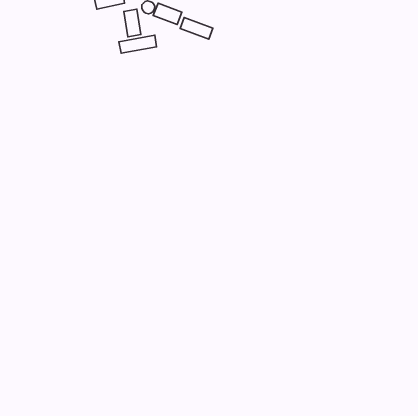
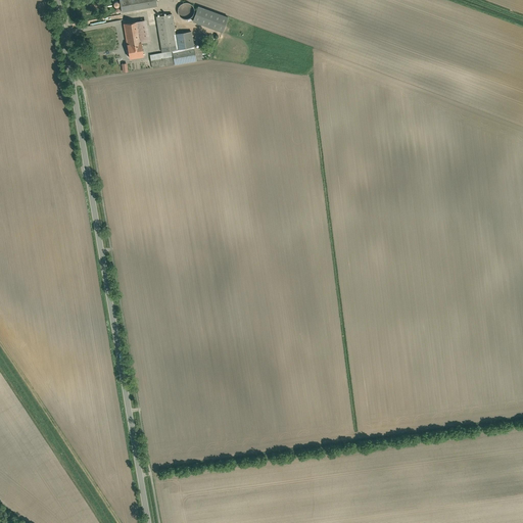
building: none -> [123,18,150,58]
building: [180,17,213,39] -> none

